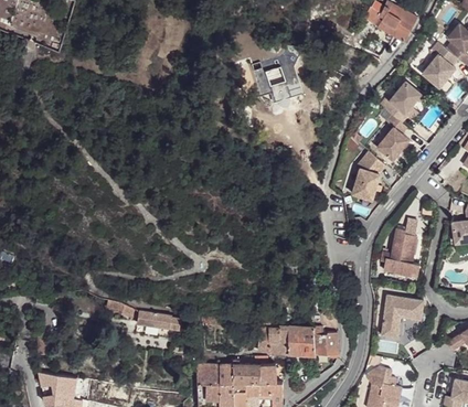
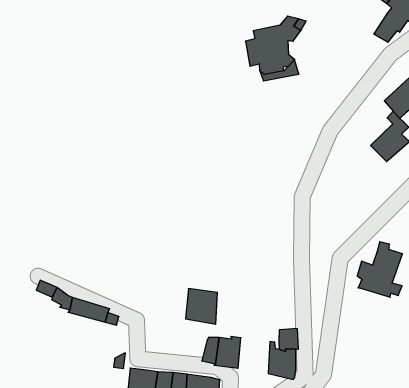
building: [355,150,383,197] -> none
building: [379,294,422,346] -> none
building: [288,326,316,354] -> [186,289,217,324]

